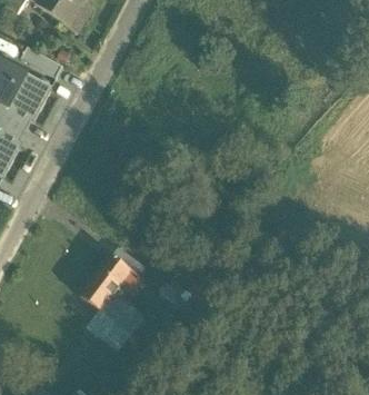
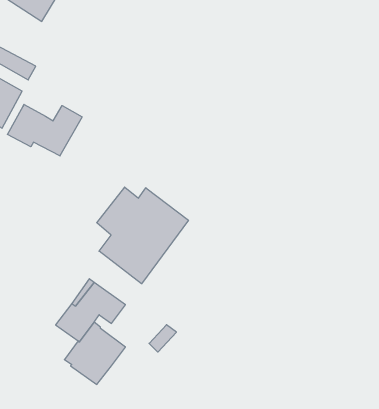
building: none -> [7,104,82,156]
building: none -> [97,187,188,284]

